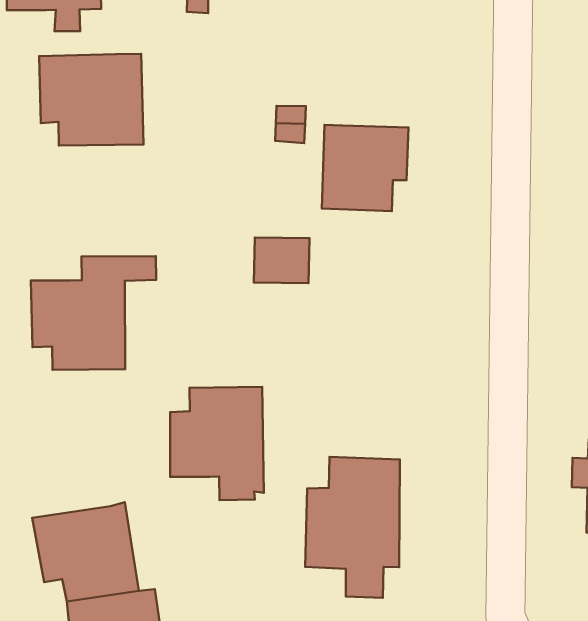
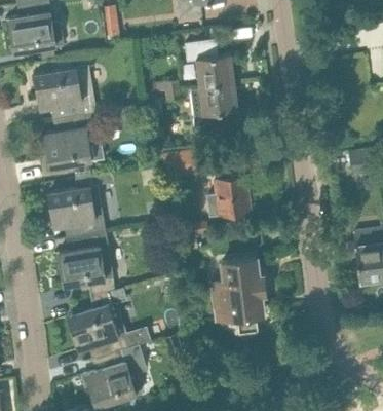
building: none -> [185,40,234,87]
building: none -> [45,113,105,169]
building: none -> [205,176,251,218]
building: [170,387,264,500] -> [59,232,114,295]

